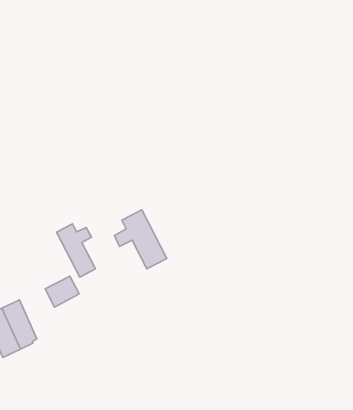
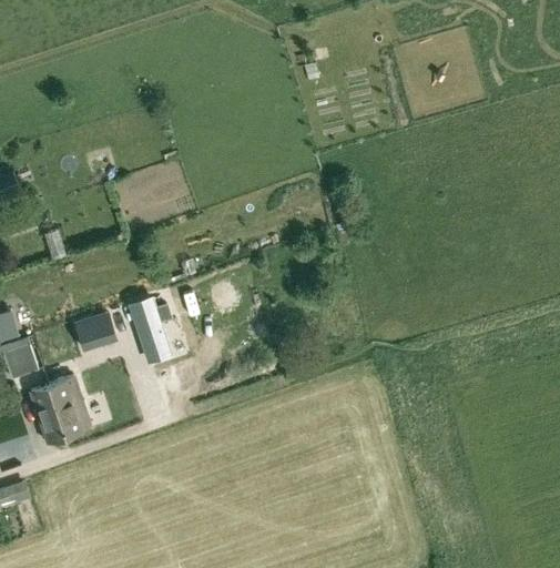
building: [114,210,167,269] -> none
building: [45,276,79,307] -> [77,315,115,348]

